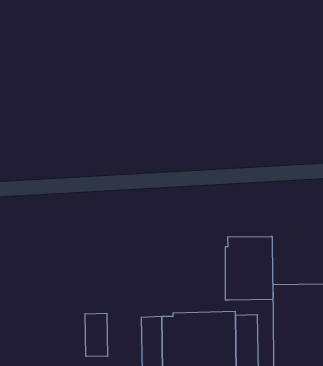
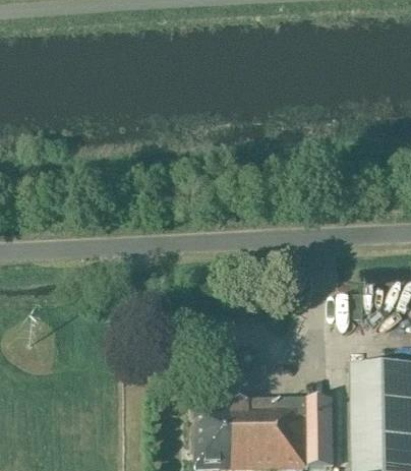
building: [225,236,273,300] -> none
building: [85,313,108,356] -> none

